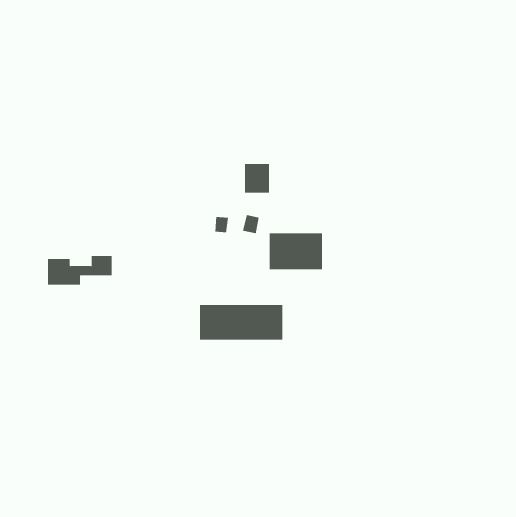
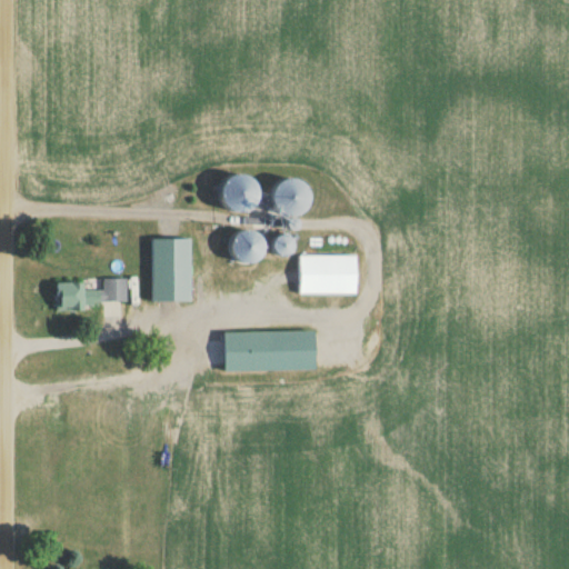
building: none -> [219,173,251,210]
building: none -> [153,237,192,300]

